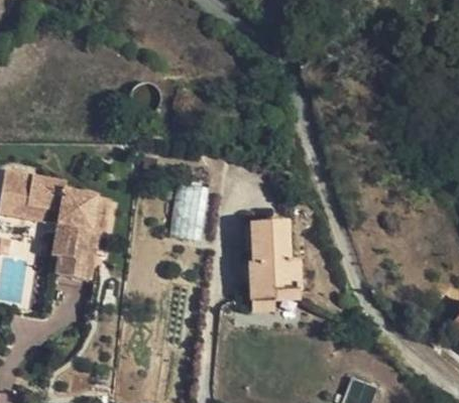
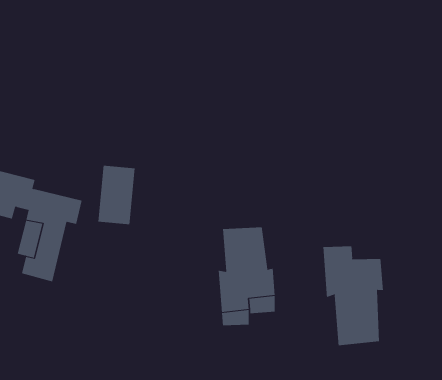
building: [173,178,208,234] -> [97,165,136,225]
building: none -> [323,246,383,346]

